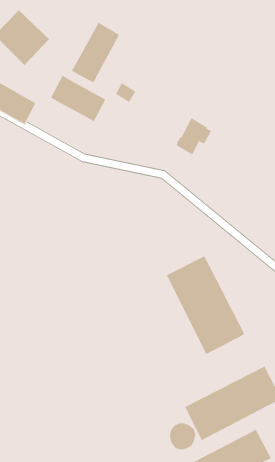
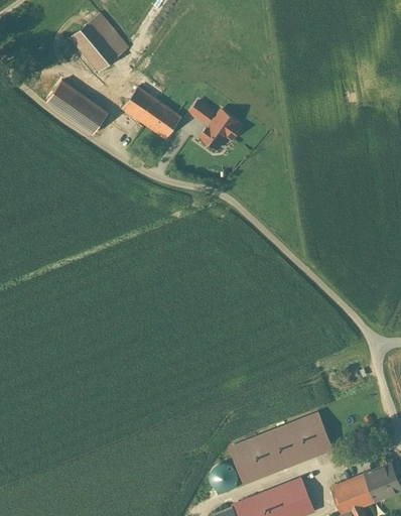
building: [71,22,120,83] -> none
building: [176,118,212,155] -> [202,110,241,149]
building: [166,255,245,355] -> none

